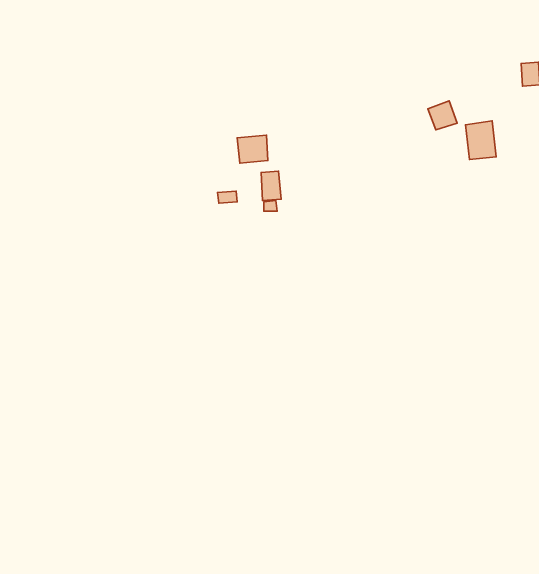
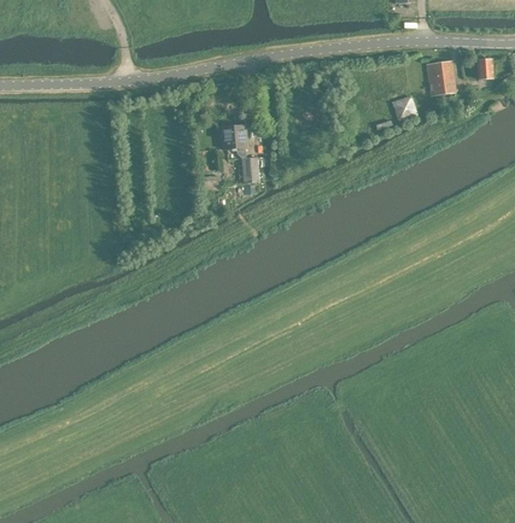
building: [466,121,496,159] -> [427,60,455,95]

